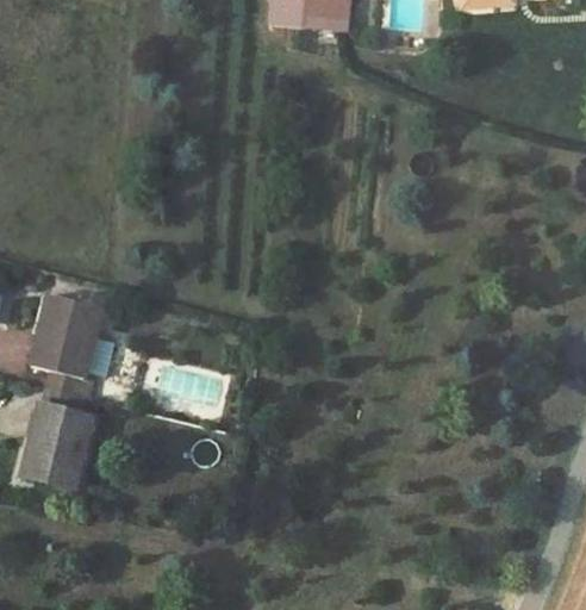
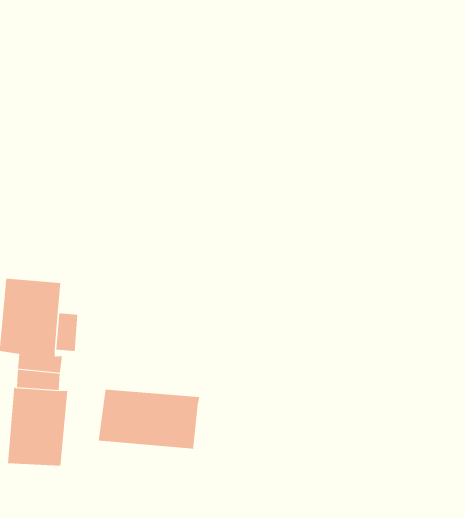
building: none -> [98,389,200,449]

